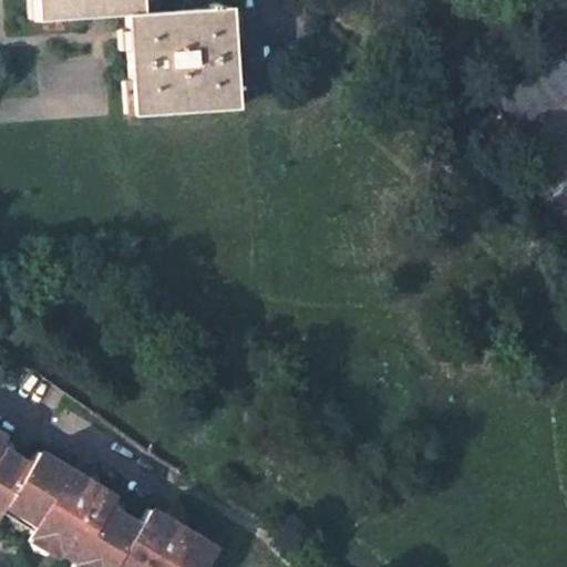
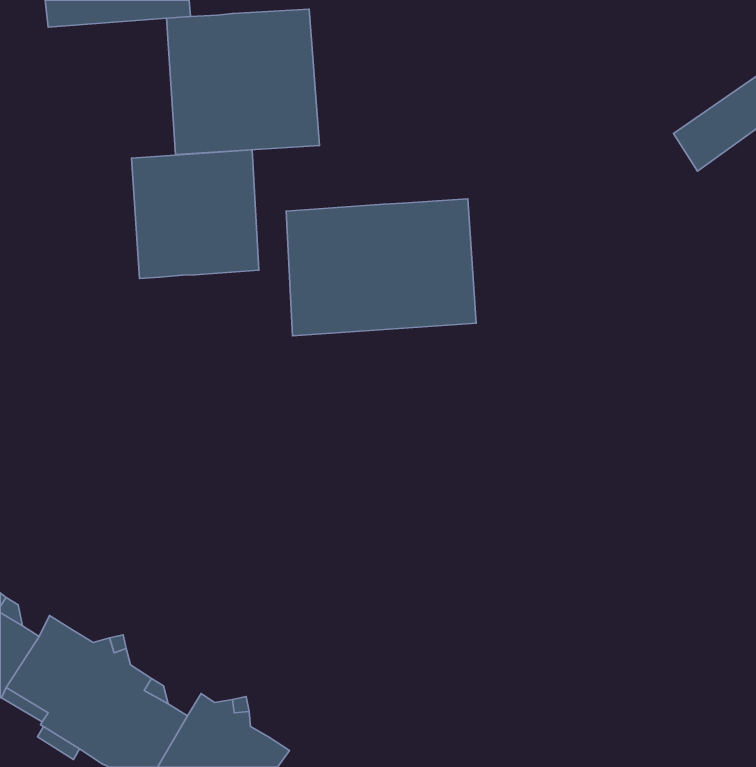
building: none -> [132,150,259,278]
building: none -> [286,199,476,336]

